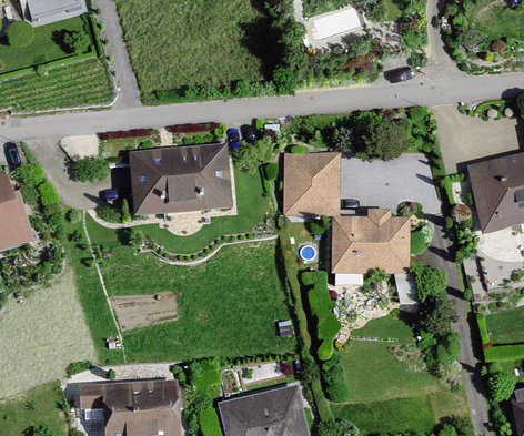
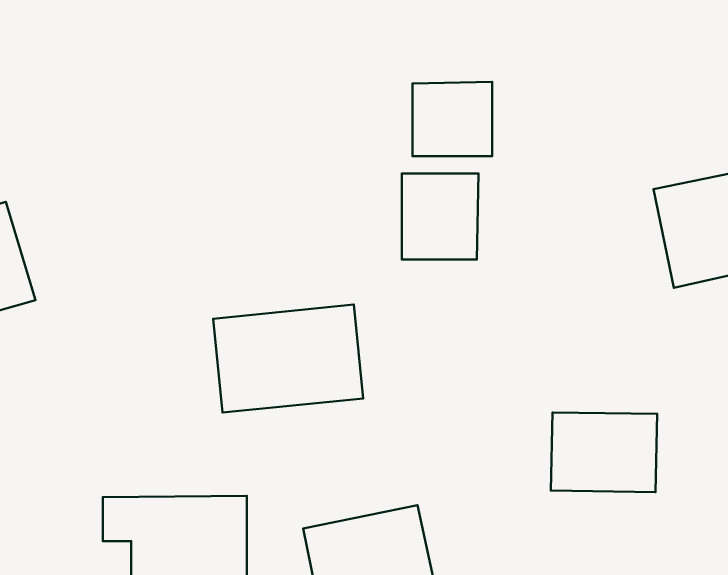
building: none -> [413,82,492,156]
building: [125,141,232,217] -> [213,305,363,413]
building: [334,219,410,275] -> [551,412,657,492]

